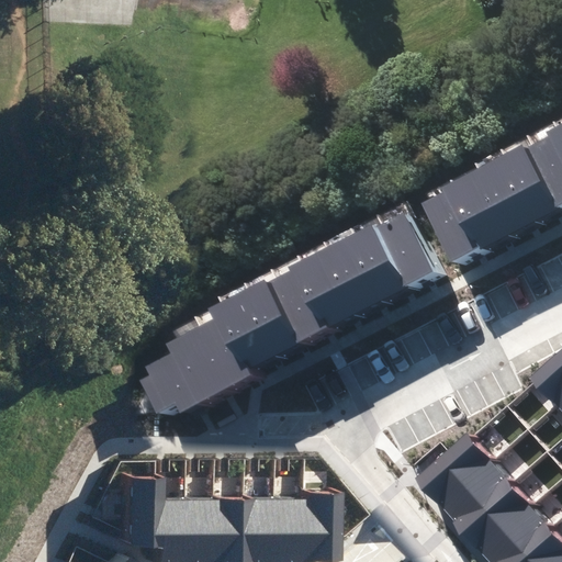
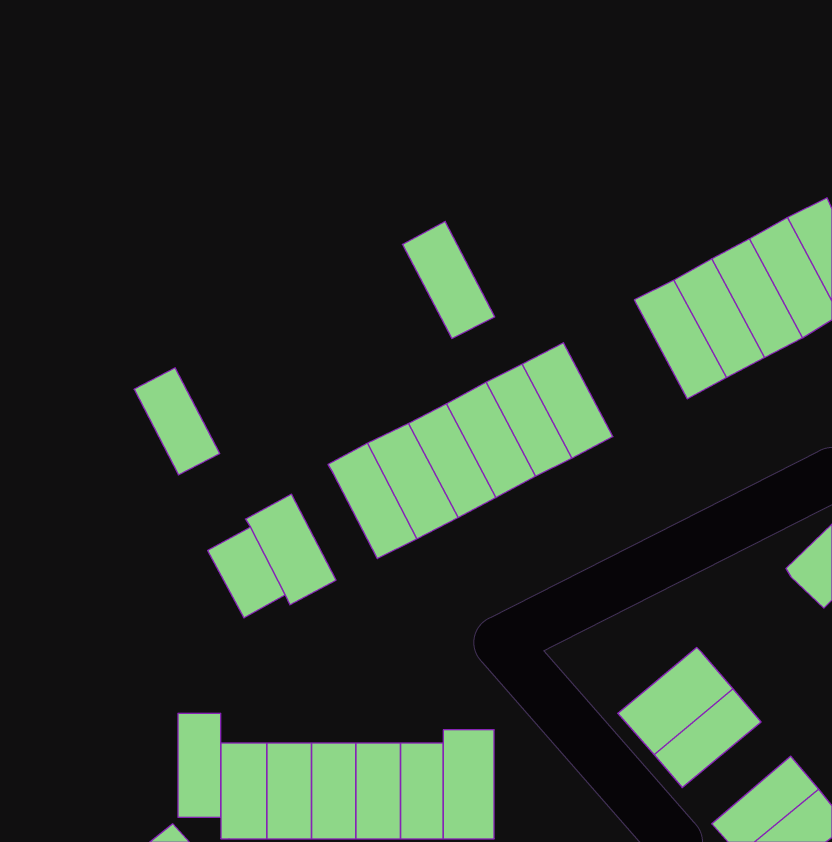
building: [375,213,437,291] -> [402,221,495,338]
building: [194,315,251,386] -> [134,368,220,475]
building: [454,481,527,549] -> none

